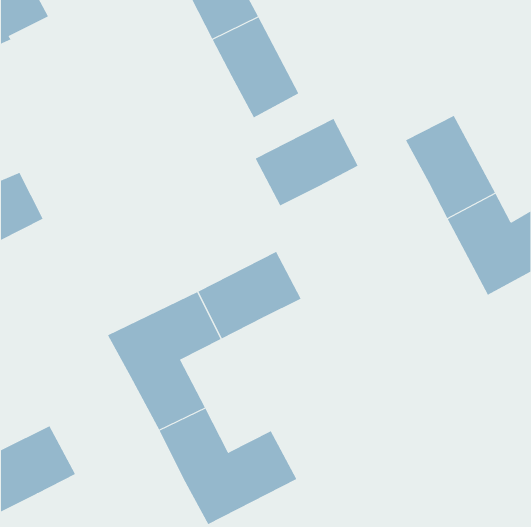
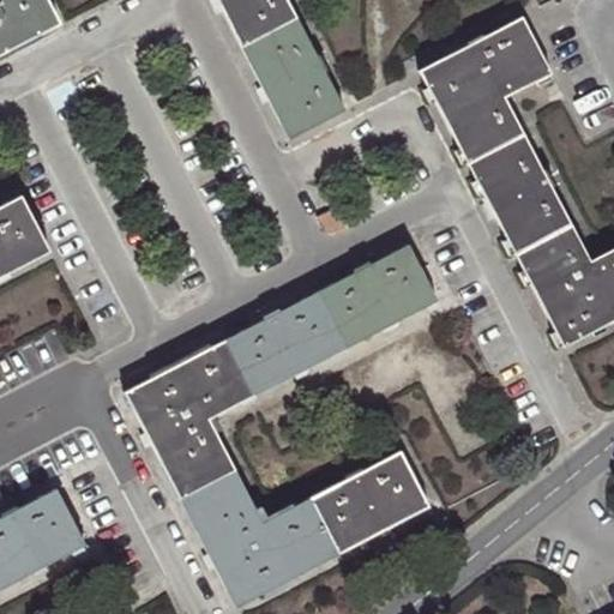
building: none -> [420,17,549,162]
building: [255,118,359,206] -> [319,243,439,345]
building: none -> [313,452,432,554]

